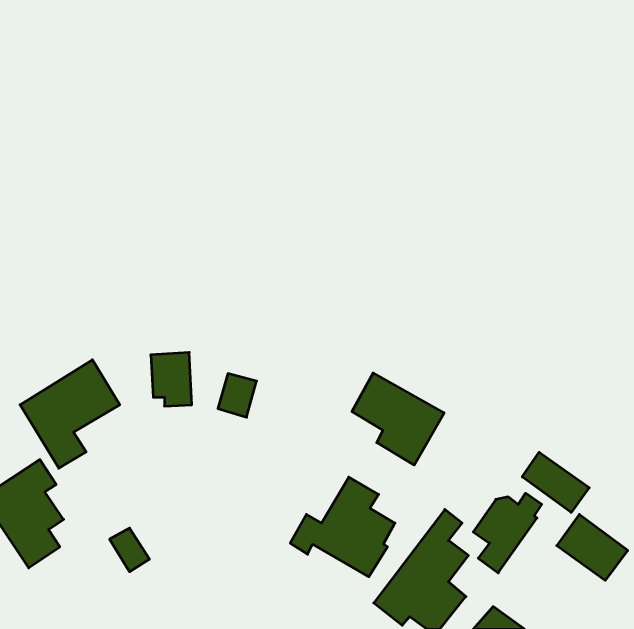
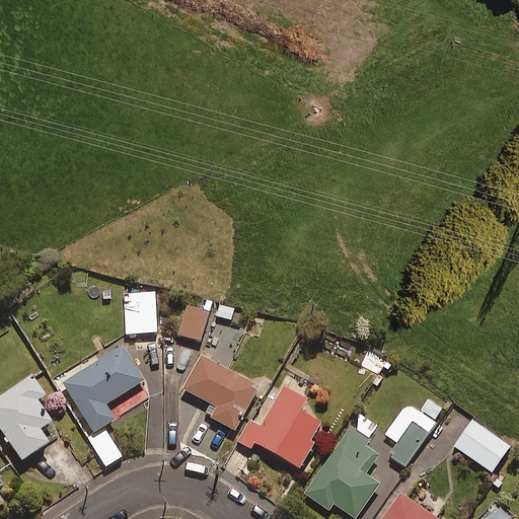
building: [20,360,120,468] -> [63,345,144,433]
building: [352,373,444,465] -> [183,356,258,431]
building: [522,452,589,512] -> none

